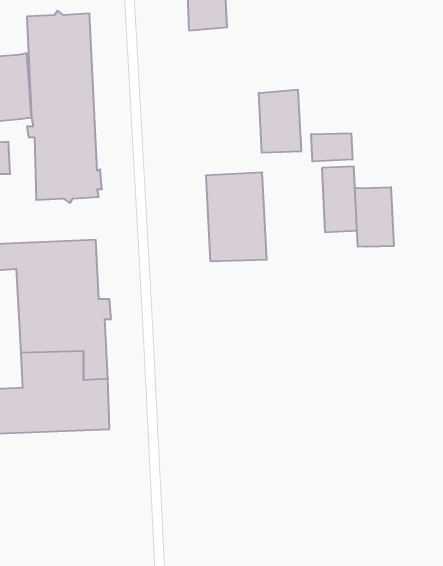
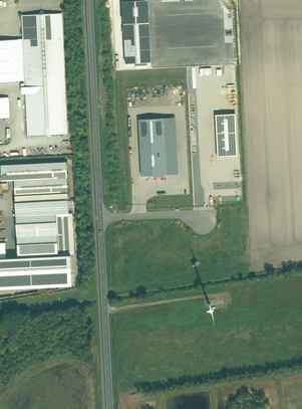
building: [259,90,301,153] -> [124,21,153,62]
building: [311,133,352,162] -> none
building: [355,187,394,247] -> none

